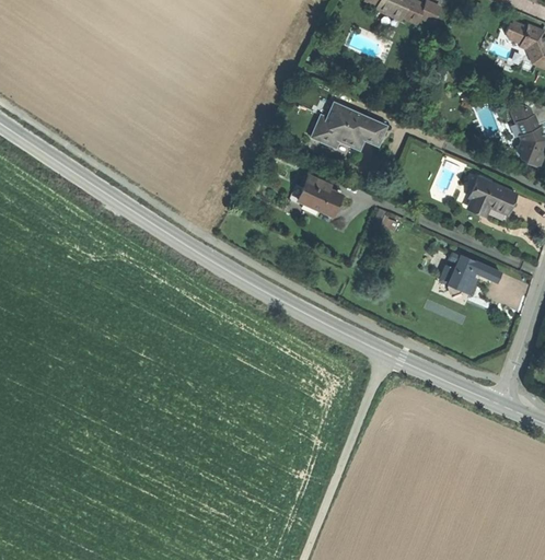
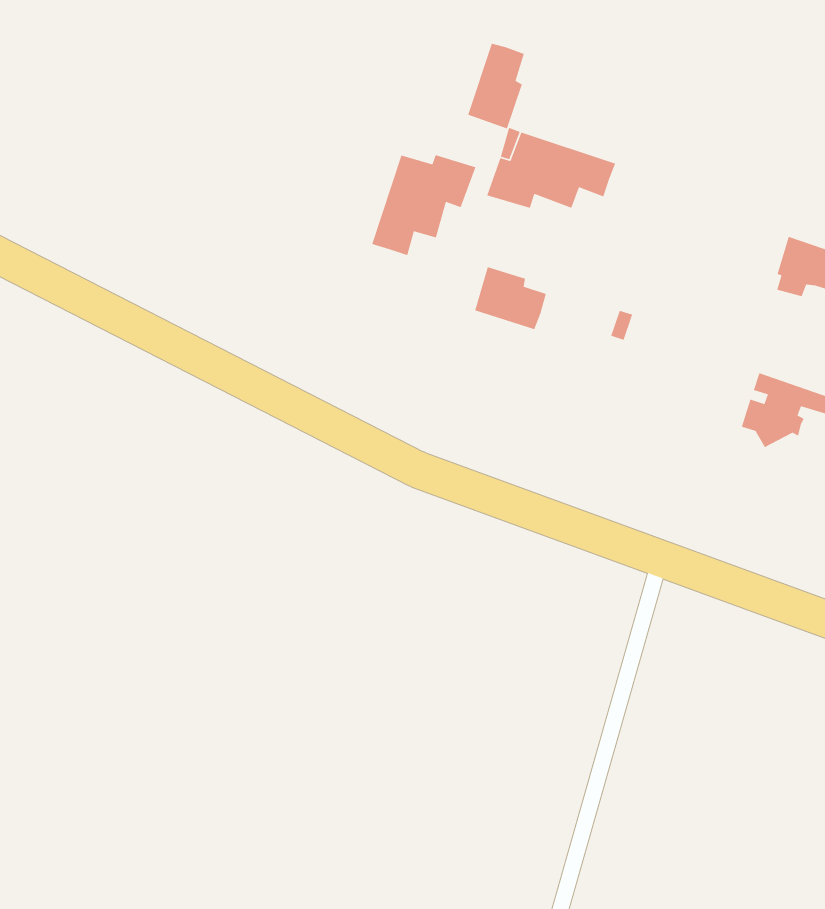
building: none -> [467,43,525,130]
building: none -> [371,154,476,256]

